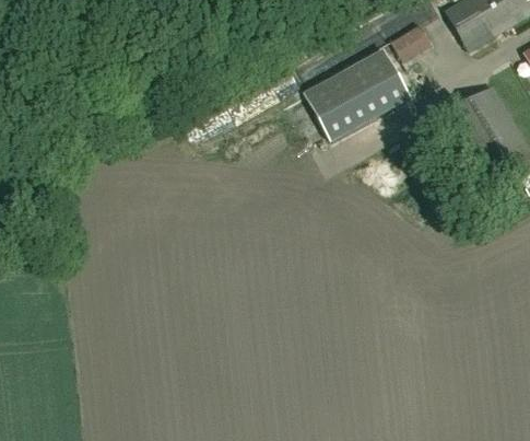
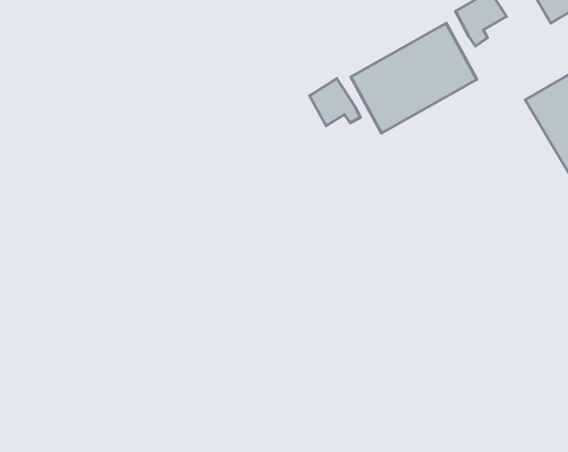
building: none -> [309,78,360,126]

